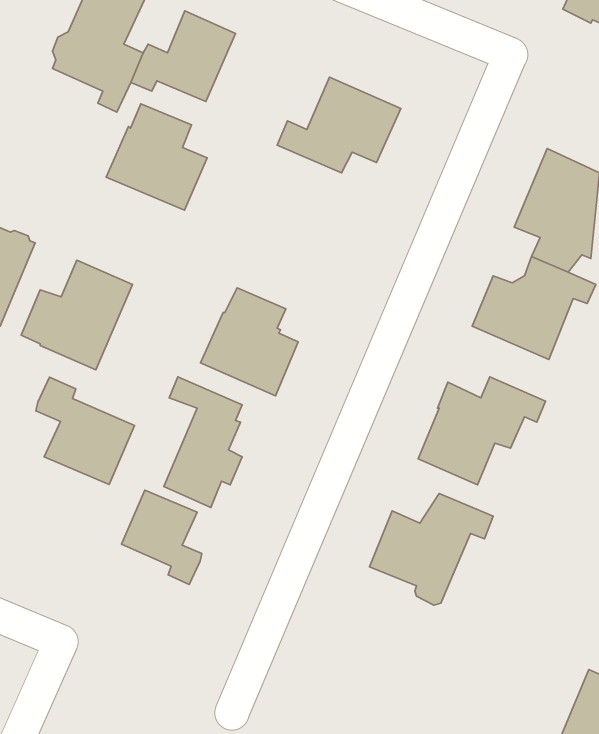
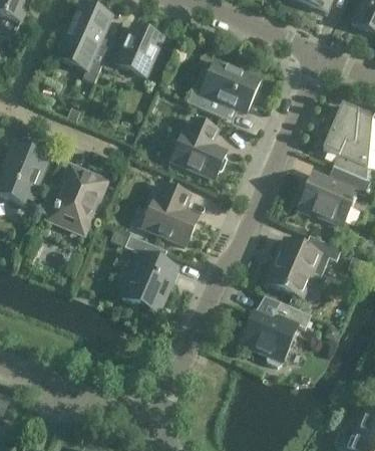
building: [106,104,207,210] -> [170,118,229,179]
building: [36,377,135,485] -> none
building: [121,490,202,584] -> none

